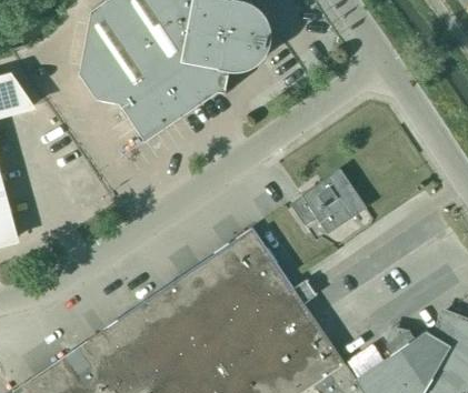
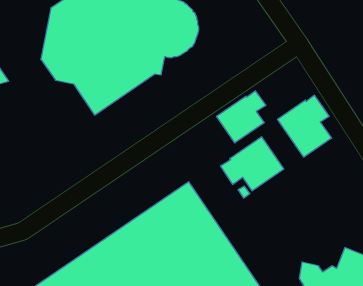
building: none -> [217,91,266,143]
building: none -> [278,95,332,157]

